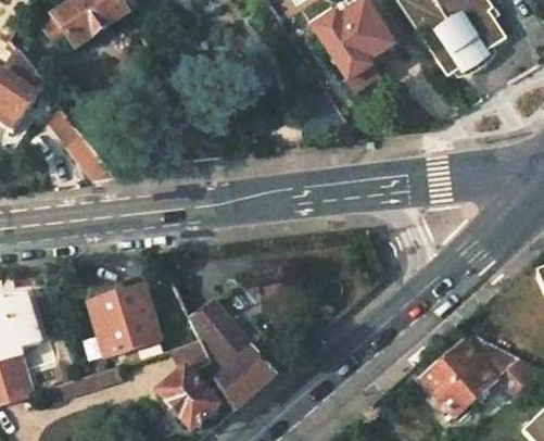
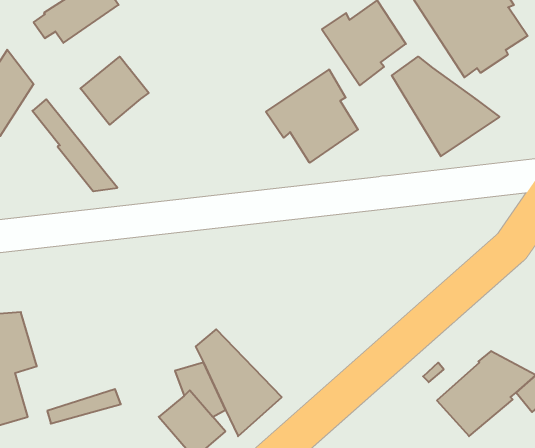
building: none -> [392,57,499,156]
building: none -> [80,57,149,125]
building: none -> [266,69,358,163]
building: [88,287,162,360] -> none

